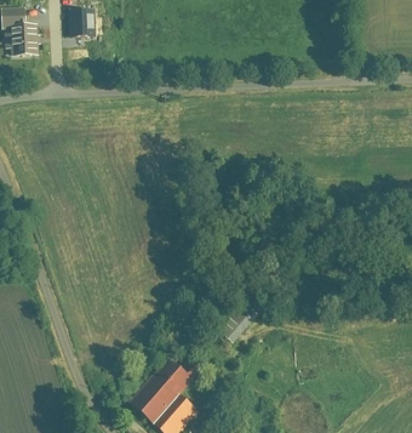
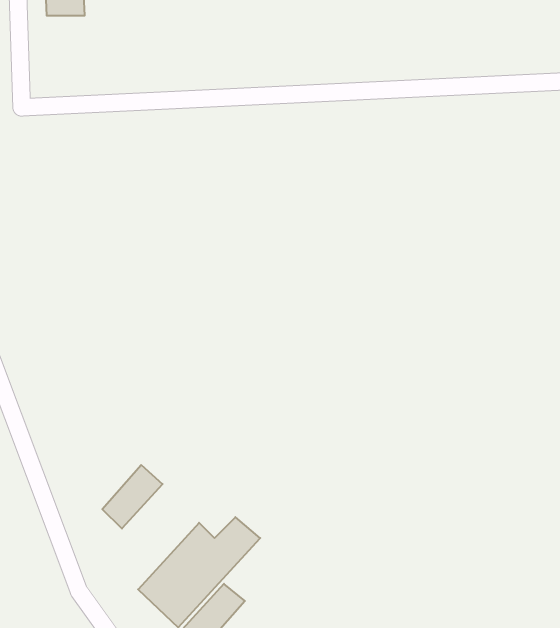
building: none -> [102,465,163,529]

